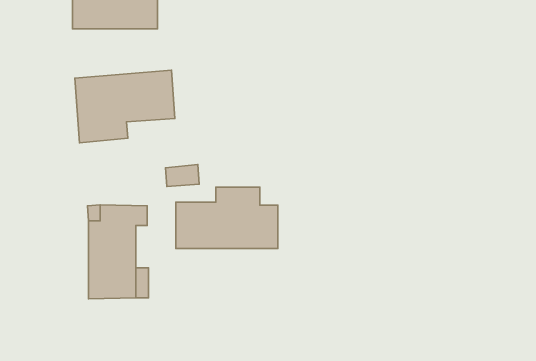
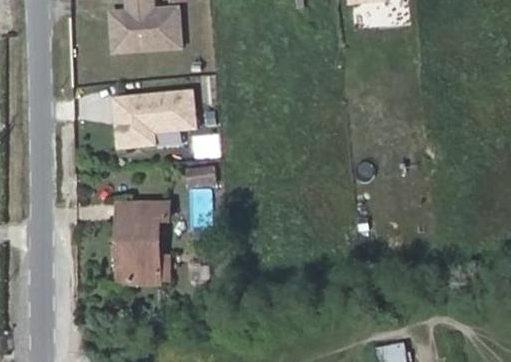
building: [176,187,278,249] -> none

